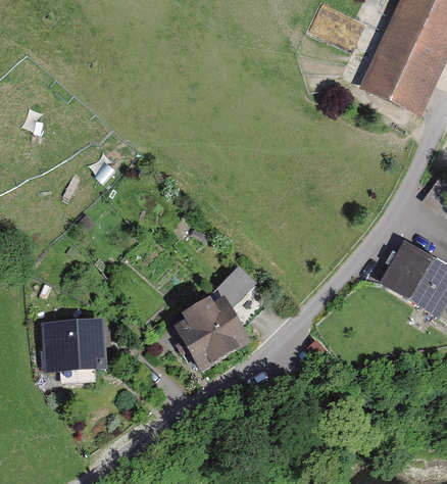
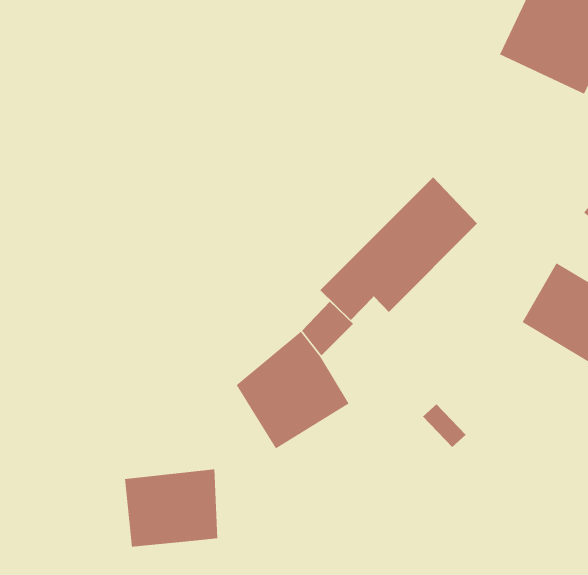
building: none -> [320,177,478,321]
building: [40,316,107,372] -> [124,469,218,547]

